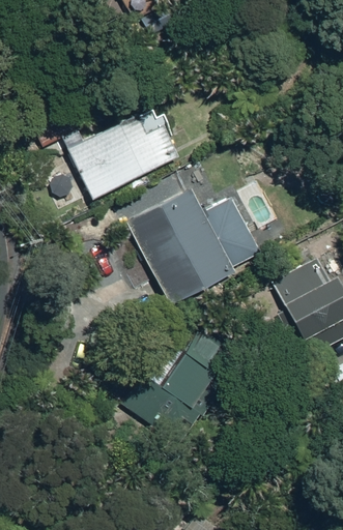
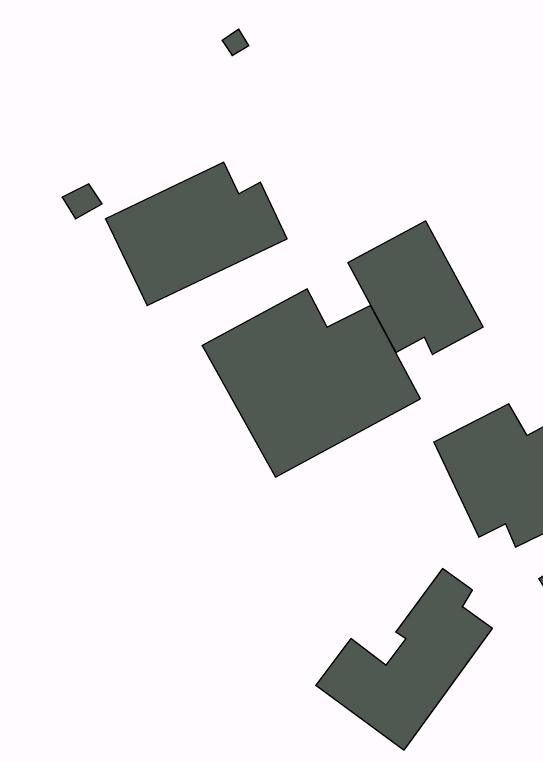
building: none -> [348,221,483,355]
building: [123,326,233,439] -> [316,569,492,750]

